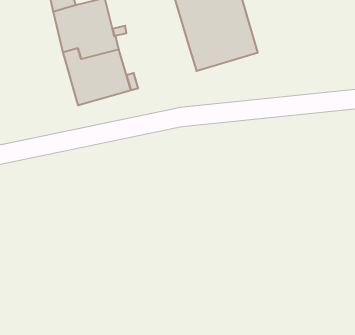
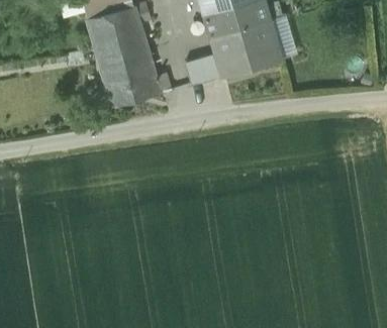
building: none -> [187,57,223,86]

